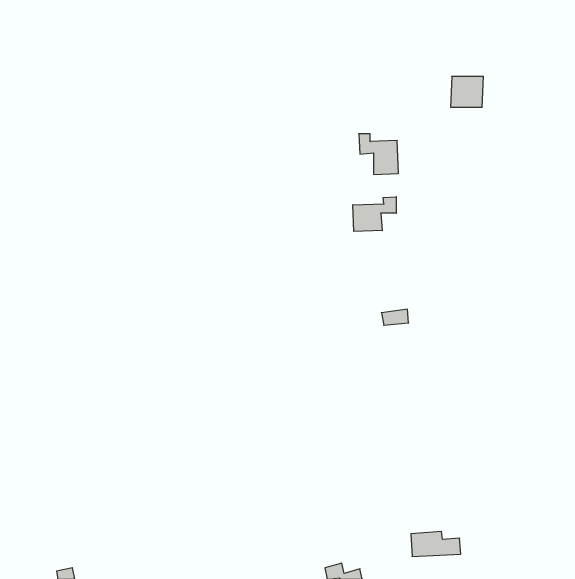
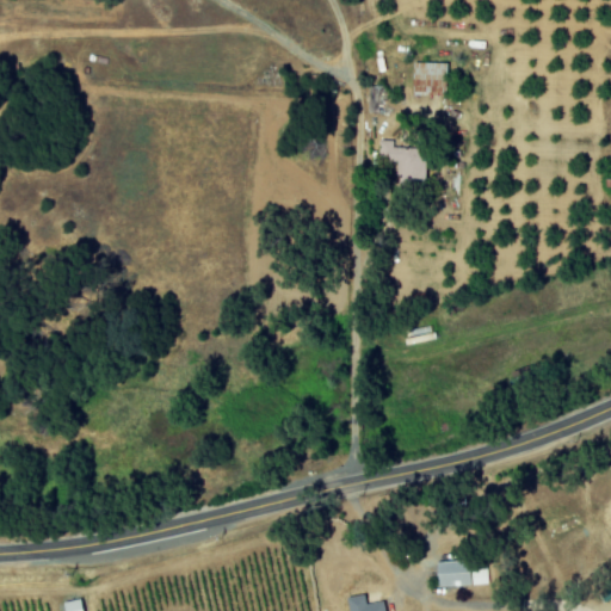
building: [451,76,483,107] -> [413,63,448,95]
building: [353,197,396,231] -> none

